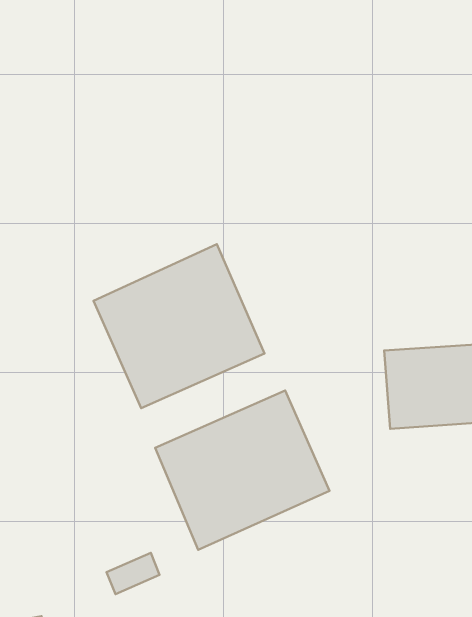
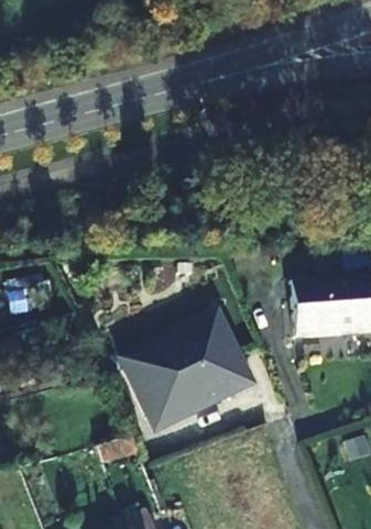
building: [93,244,264,408] -> none

